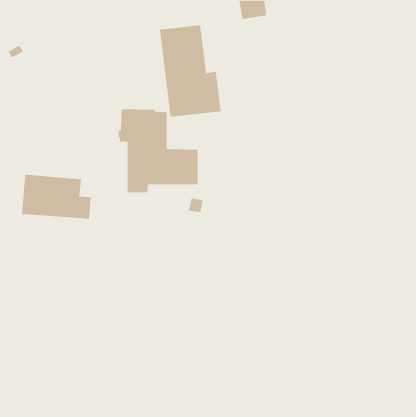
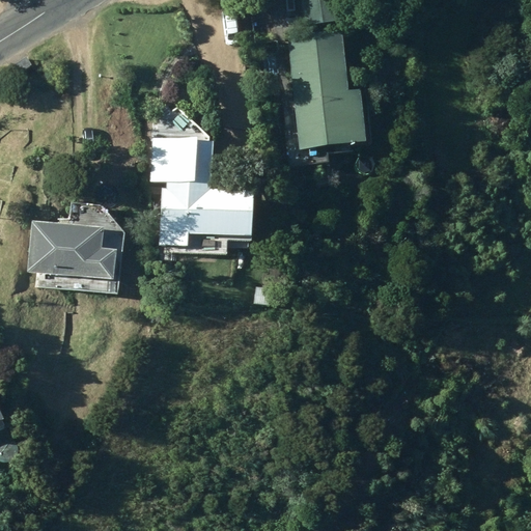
building: [159,25,221,117] -> [288,31,367,148]

